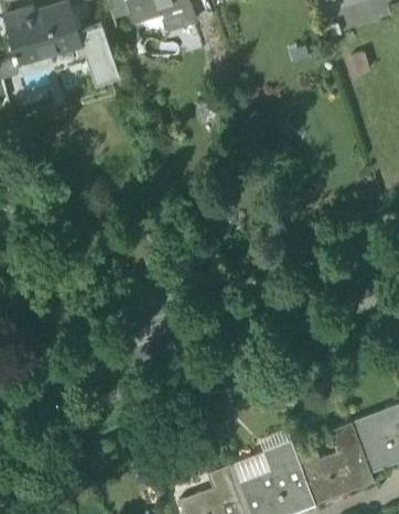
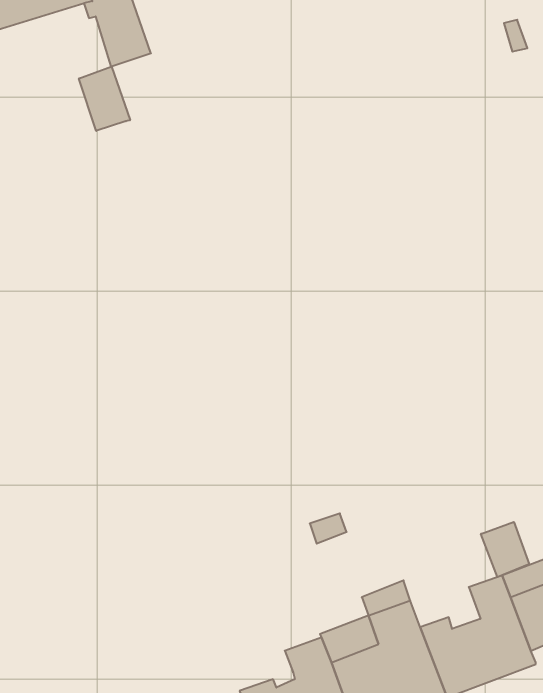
building: none -> [79,66,130,131]
building: none -> [481,522,529,577]

